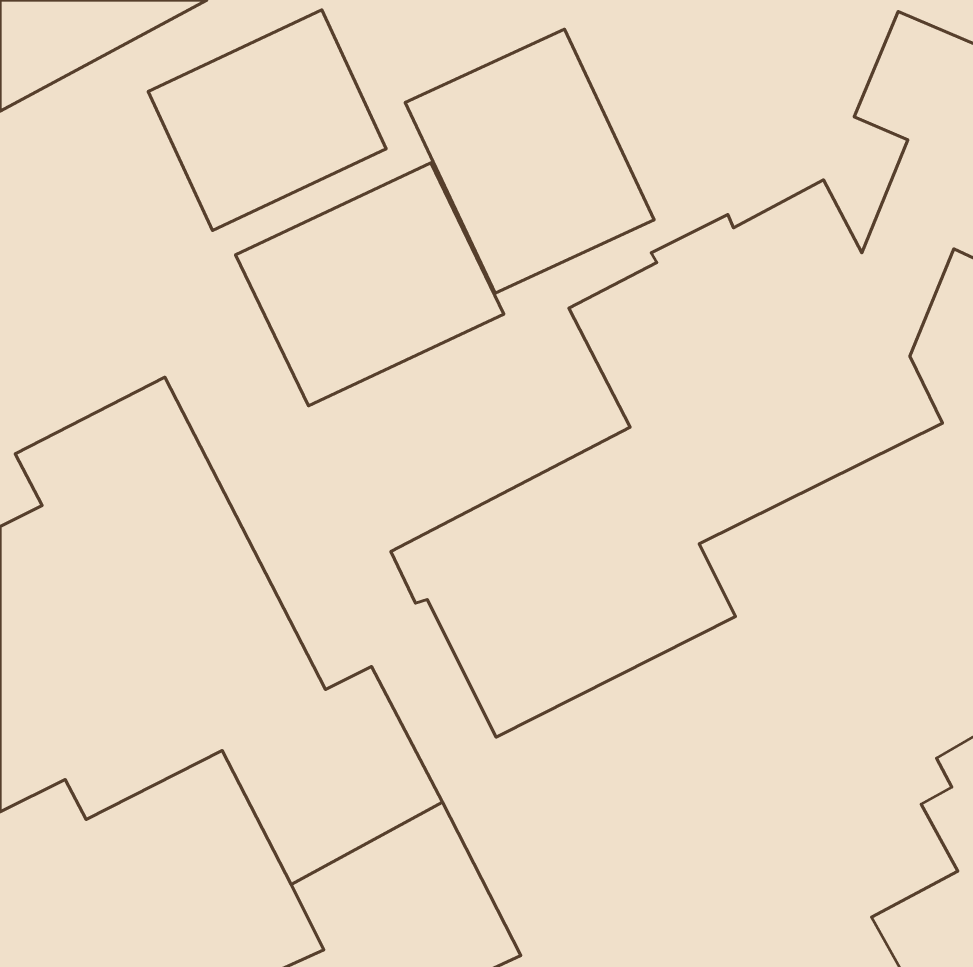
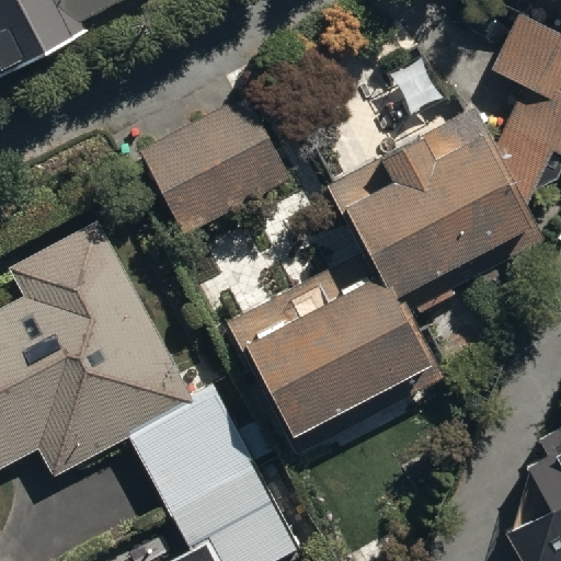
building: [148,10,386,231] -> none
building: [405,29,654,293] -> none

